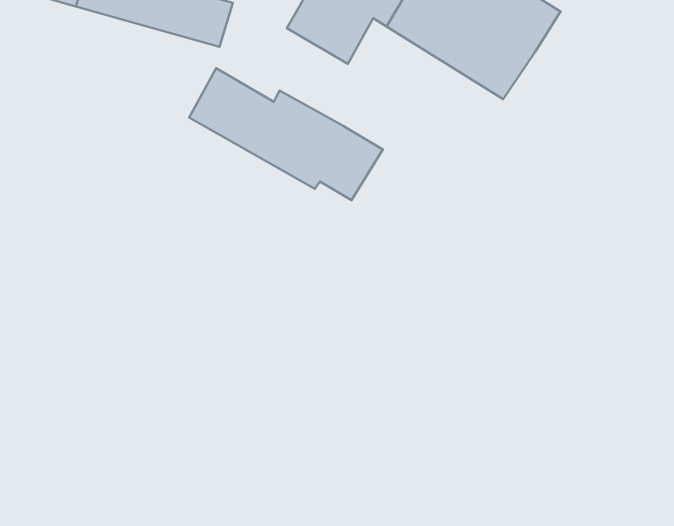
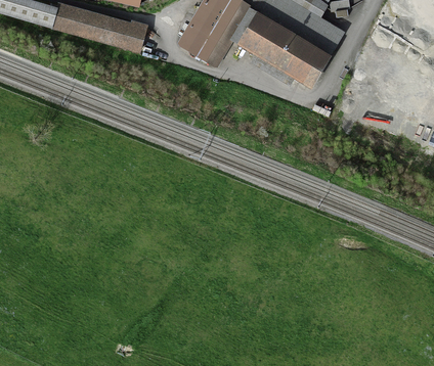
building: [189,68,383,200] -> none

